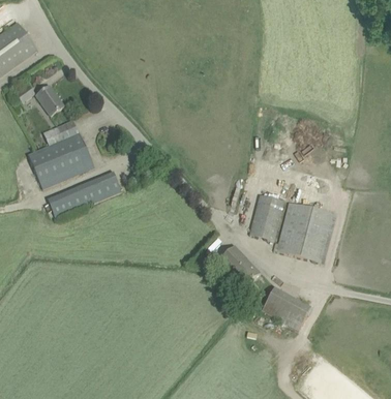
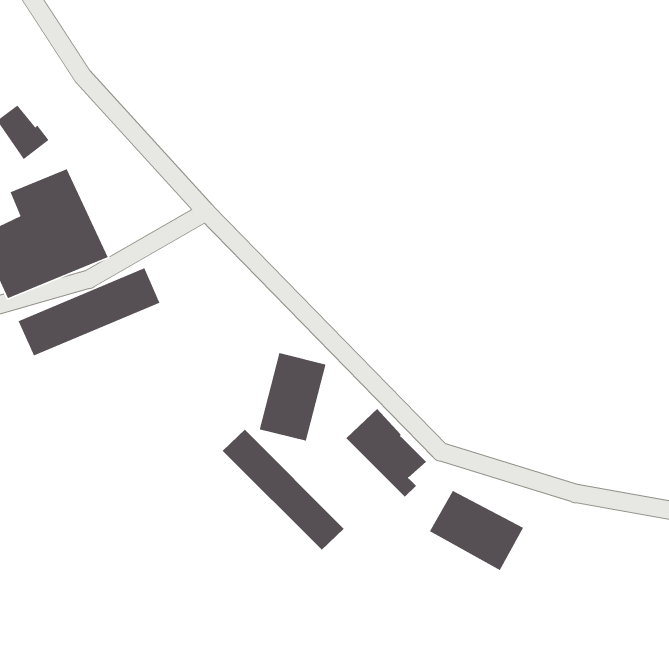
building: [248,194,283,241] -> [259,352,326,442]
building: [273,201,335,263] -> none
building: none -> [222,429,345,551]

